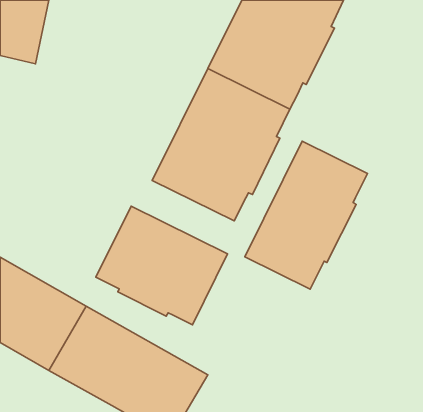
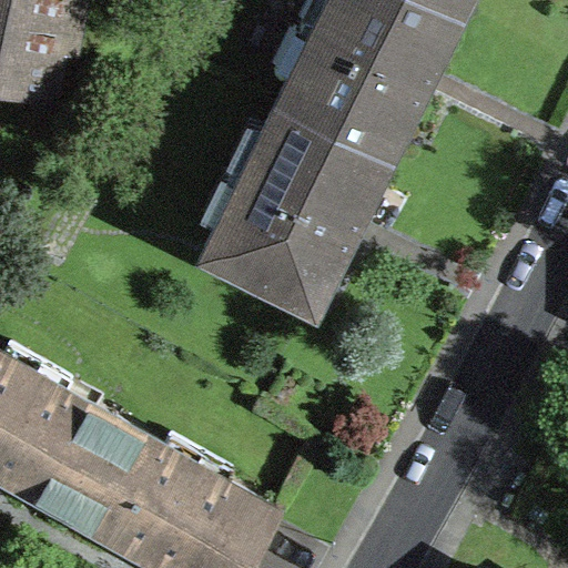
building: [245,141,367,289] -> none
building: [96,206,227,325] -> none

